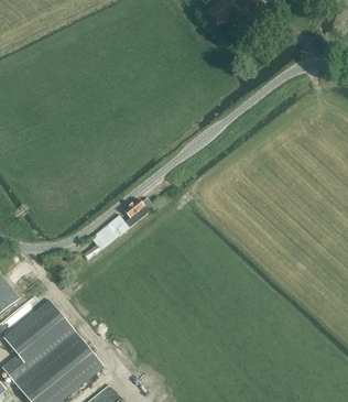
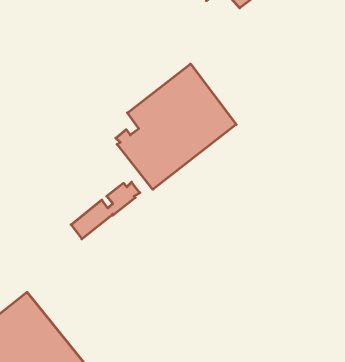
building: none -> [116,64,236,189]

